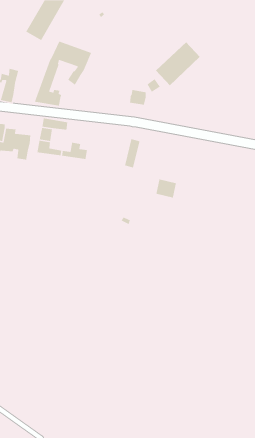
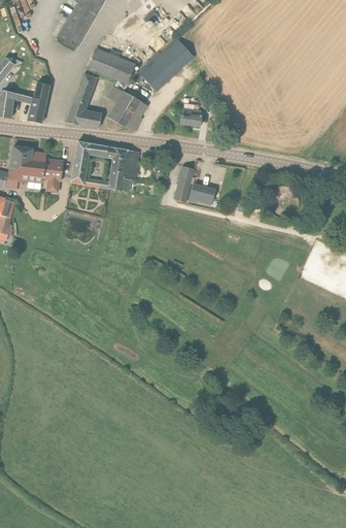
building: [155,41,201,86] -> [141,35,196,89]
building: none -> [107,91,146,131]
building: none -> [111,148,139,180]
building: [155,179,177,198] -> [188,185,214,208]

